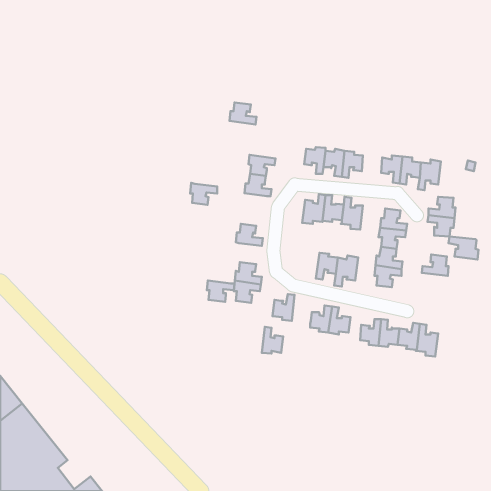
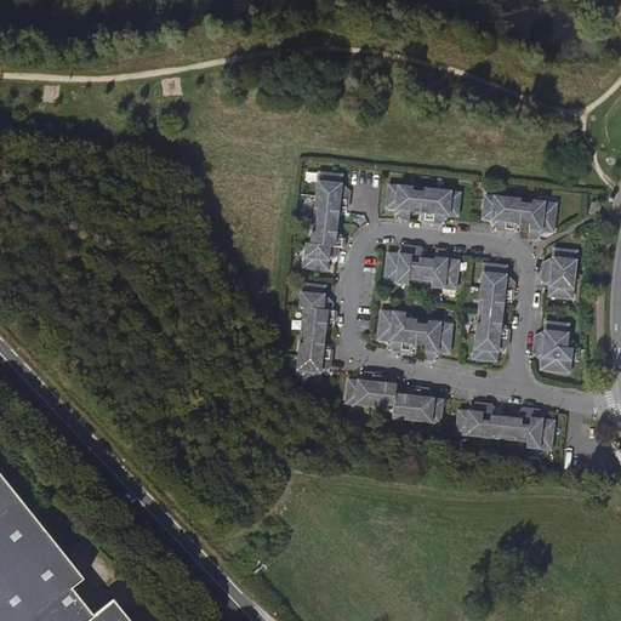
building: [230,103,257,125] -> [315,172,349,200]
building: [190,183,217,205] -> [303,243,337,270]
building: [449,236,478,259] -> [531,344,569,374]
building: none -> [376,310,404,352]
building: [207,281,235,302] -> [301,307,336,334]
building: [262,327,283,354] -> [369,372,395,406]

